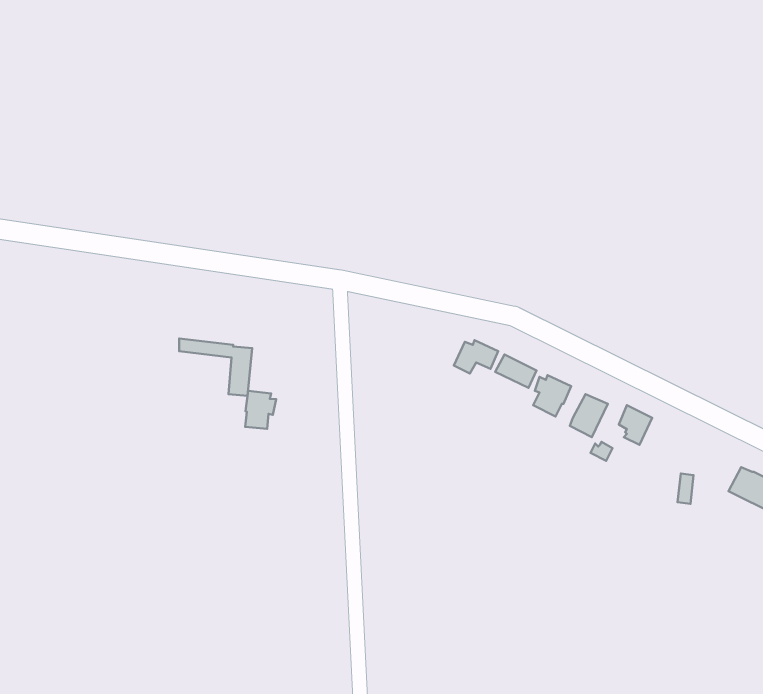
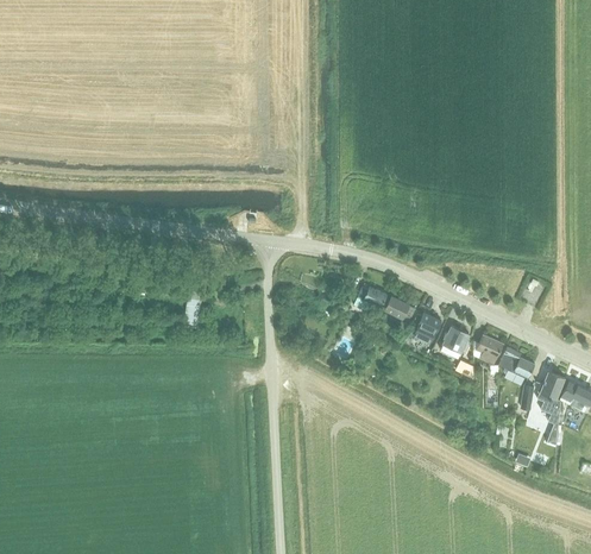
building: [245,391,276,429] -> none
building: none -> [498,345,535,382]
building: none -> [536,372,565,442]

